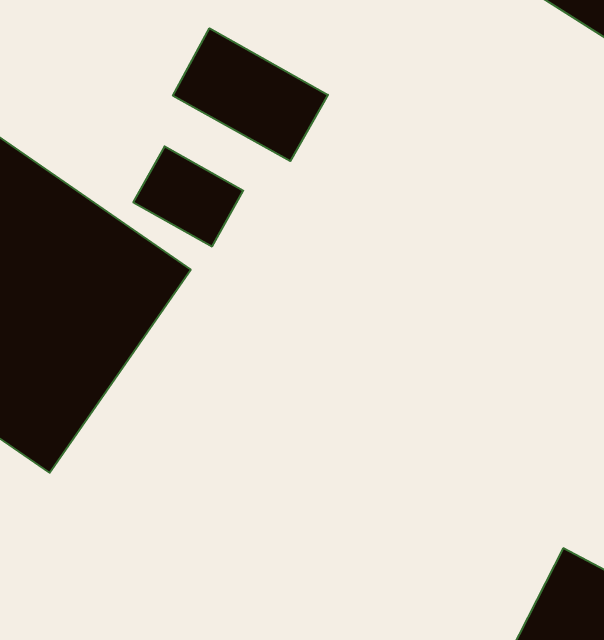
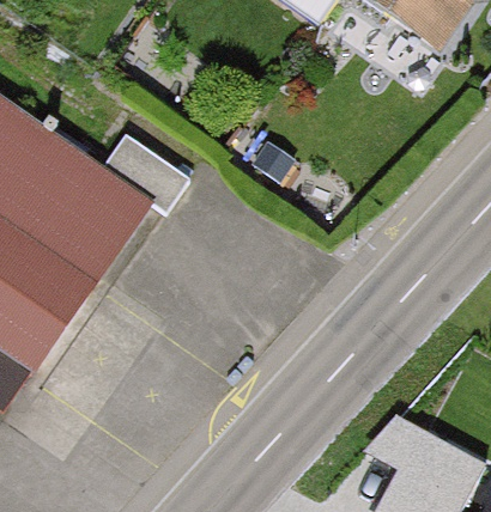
building: [173,28,328,161] -> none

